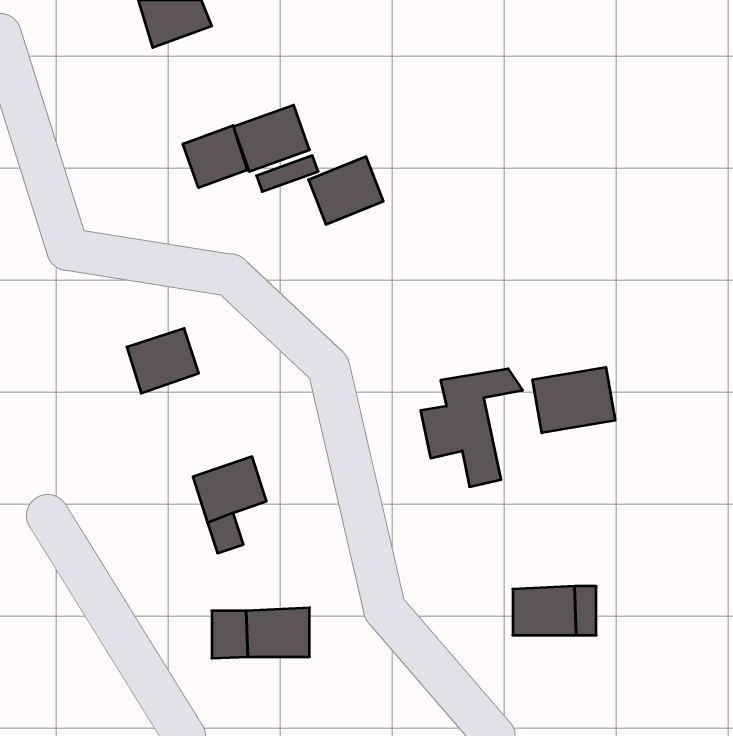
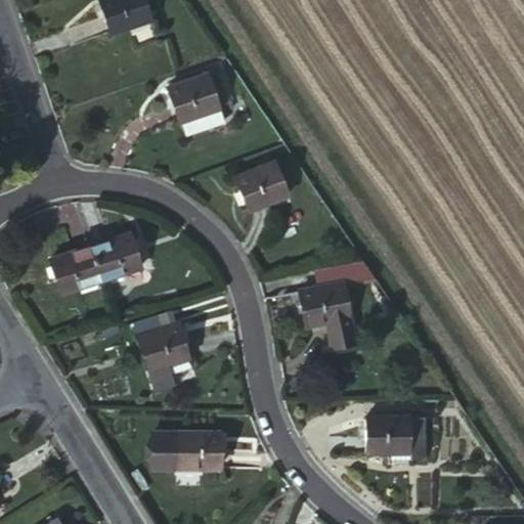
building: [183,125,247,188] -> none
building: [308,157,383,224] -> [236,163,290,211]
building: none -> [50,247,102,294]
building: [533,367,615,433] -> none

